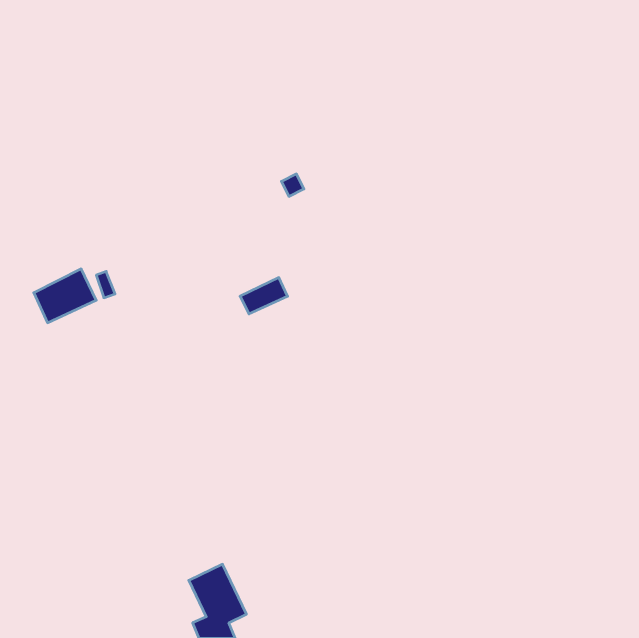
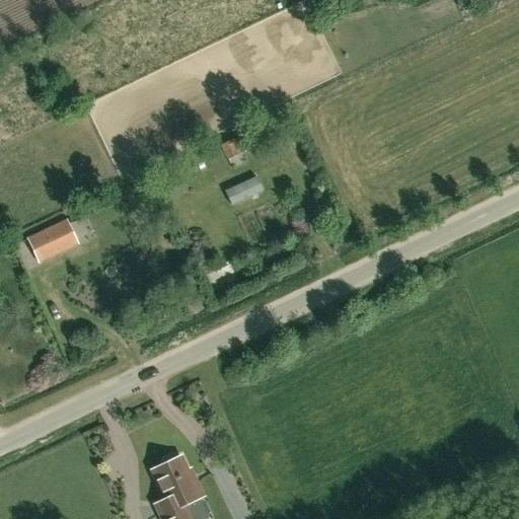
building: [240,278,288,314] -> [224,174,263,204]

